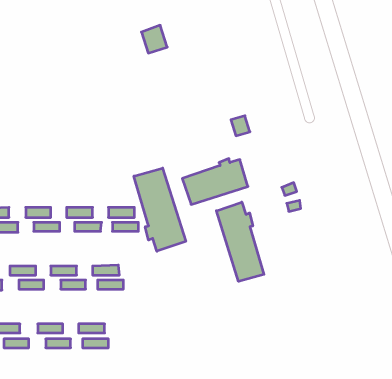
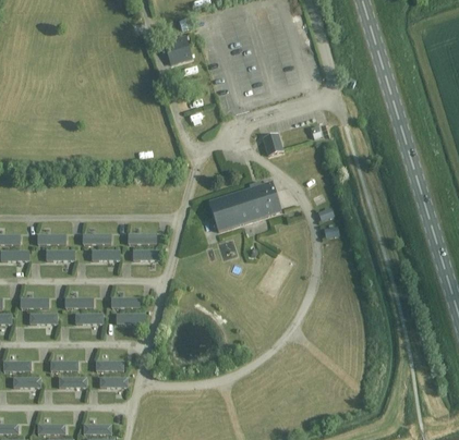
building: [134,168,186,251] -> none
building: [216,202,264,281] -> none

